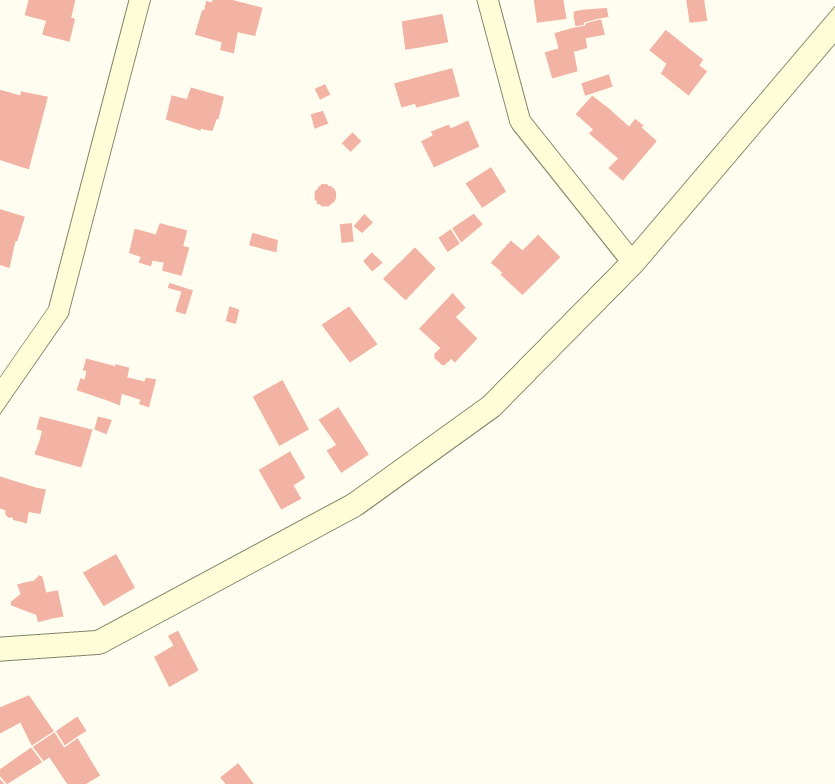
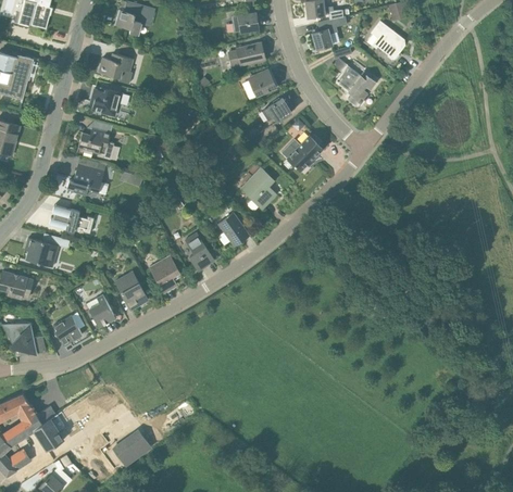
building: none -> [90,88,115,115]
building: [382,247,436,301] -> none
building: none -> [67,164,104,194]
building: [320,306,378,364] -> [217,213,250,245]
building: [252,379,310,447] -> [115,272,148,310]
building: [153,630,200,688] -> [89,294,115,327]

